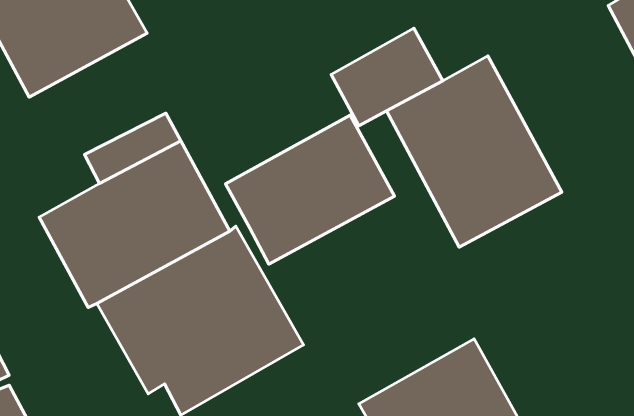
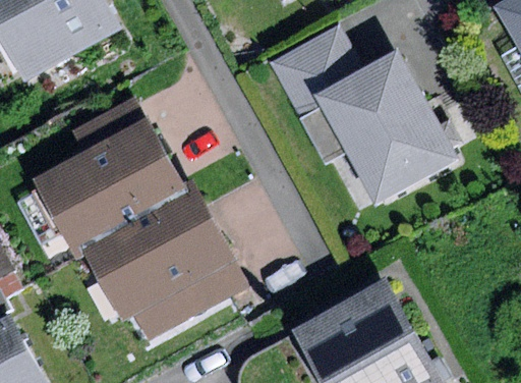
building: [225,115,394,264] -> none

